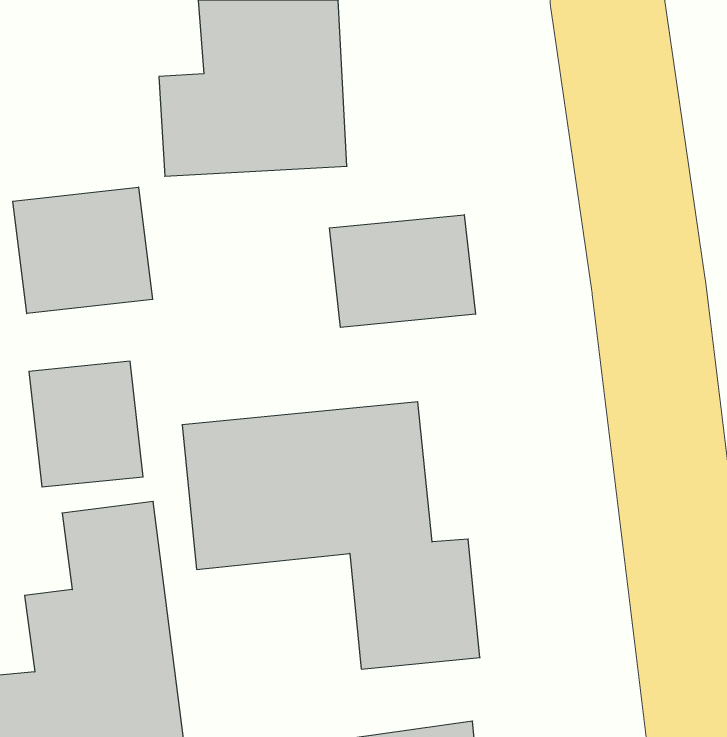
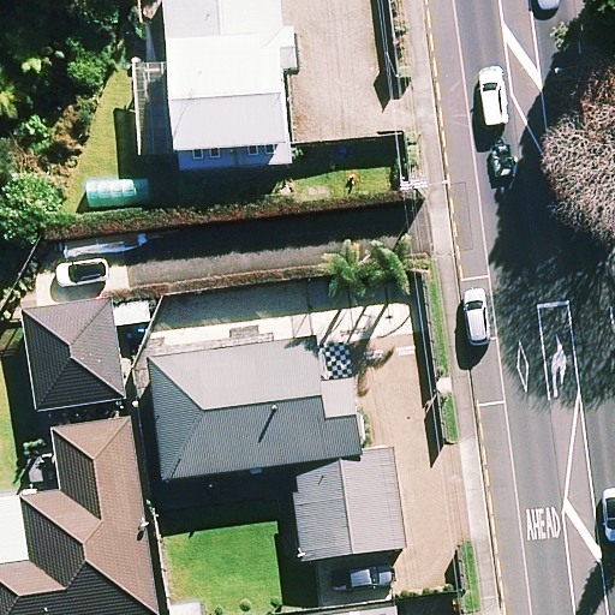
building: [13,187,153,314] -> none
building: [329,215,475,327] -> none

